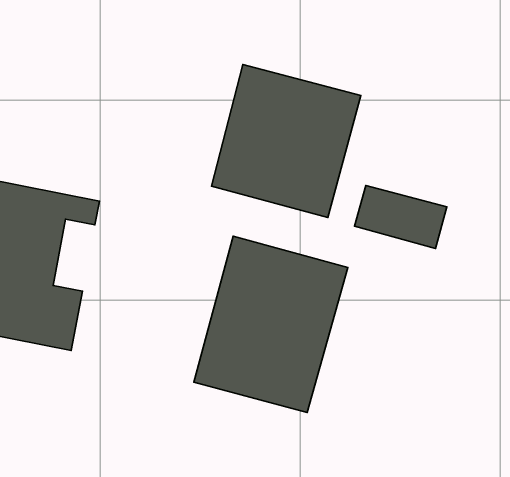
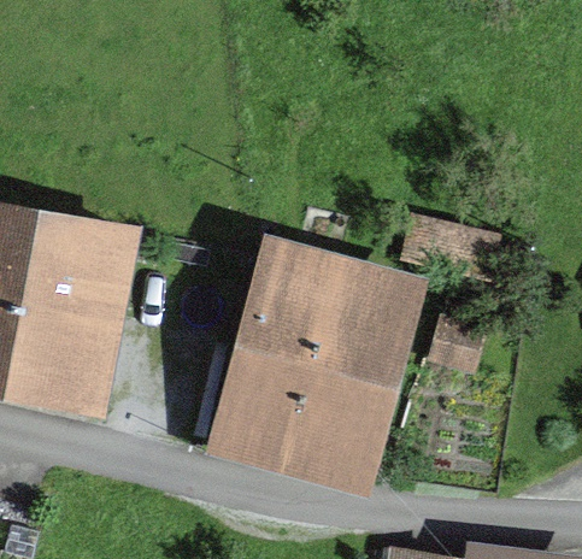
building: [212,64,361,217] -> none

